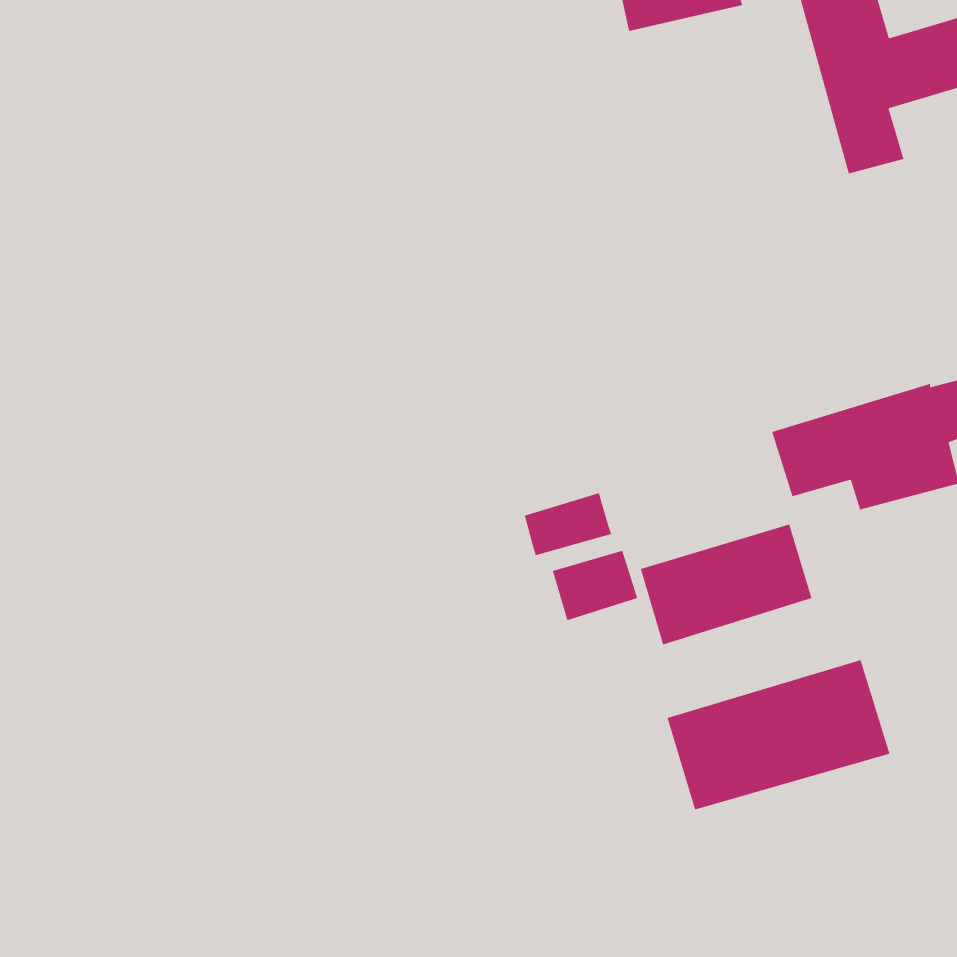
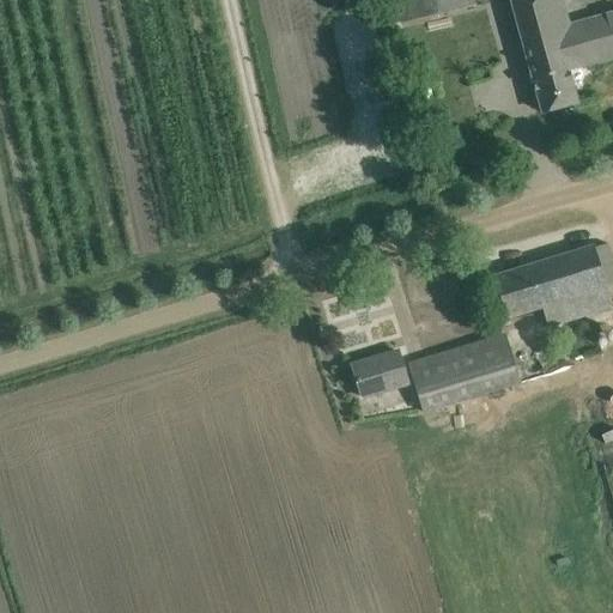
building: [524,492,612,556] -> none
building: [667,659,891,811] -> none

